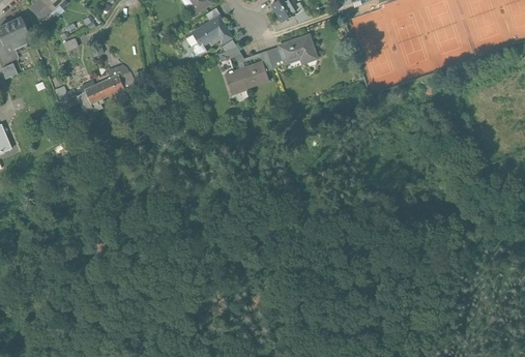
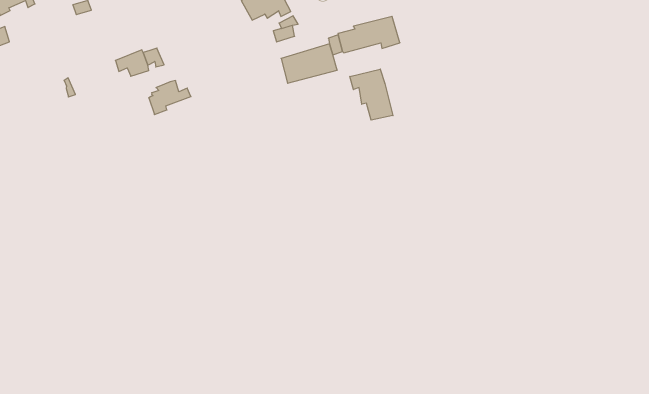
building: none -> [350,69,393,120]
building: [80,83,112,110] -> [149,81,191,115]

